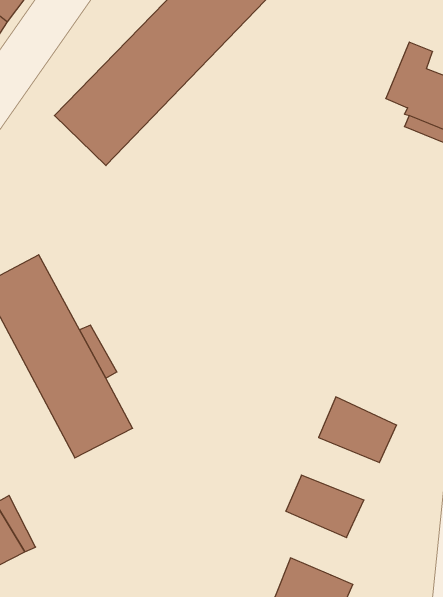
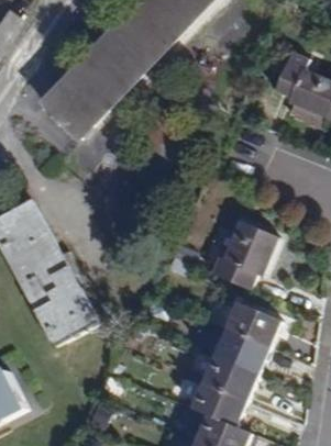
building: none -> [209,221,276,283]
building: none -> [213,330,268,373]
building: none -> [190,381,245,426]

